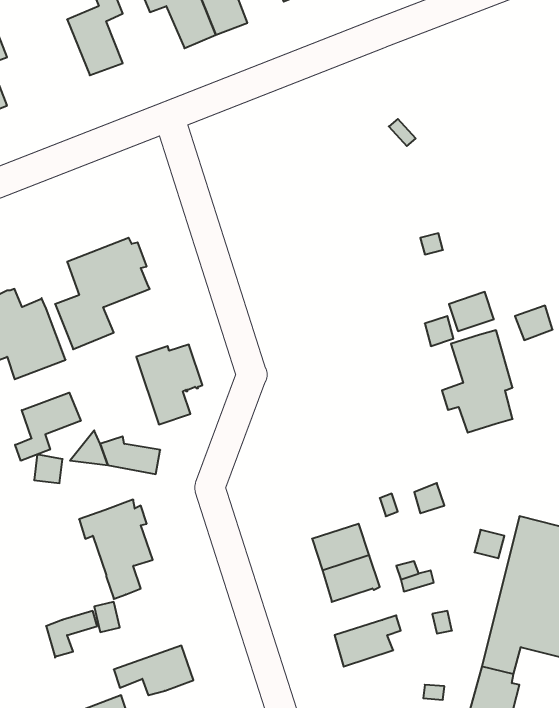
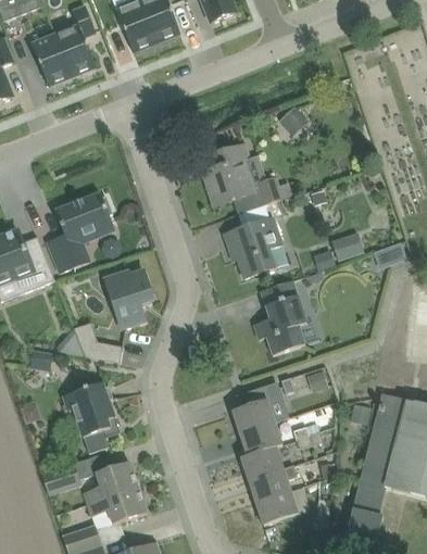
building: none -> [32,34,72,84]
building: none -> [206,142,282,212]
building: none -> [224,216,280,276]
building: [442,330,513,433] -> [254,279,305,353]
building: [15,393,81,461] -> none
building: none -> [241,444,284,478]
building: none -> [84,459,138,503]
building: none -> [255,489,298,524]

